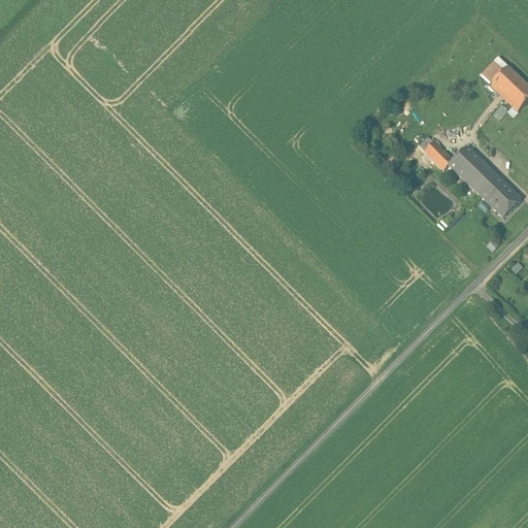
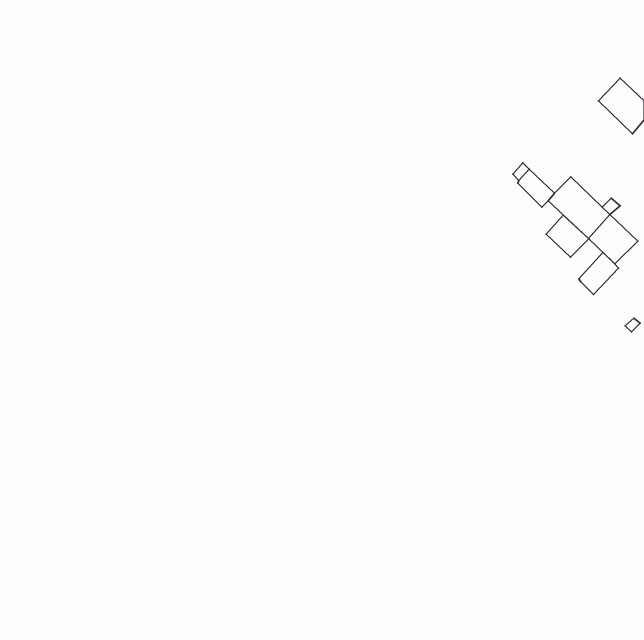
building: none -> [546,215,589,257]
building: none -> [579,253,619,295]

